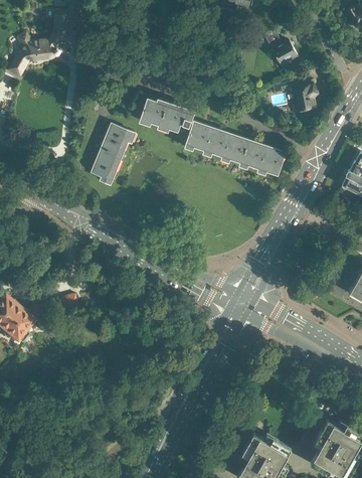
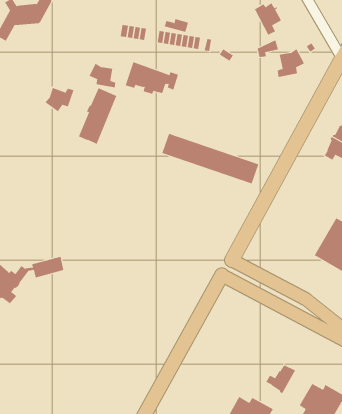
building: none -> [89,63,116,88]
building: none -> [45,87,74,112]
building: [185,123,284,174] -> [161,133,259,184]
building: none -> [266,364,296,394]

